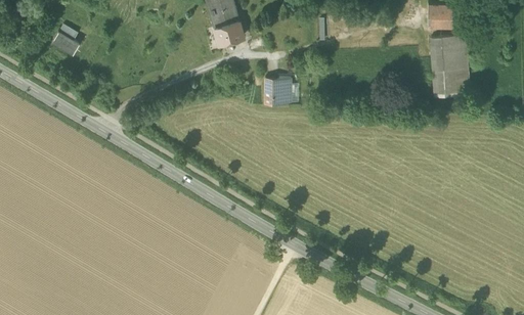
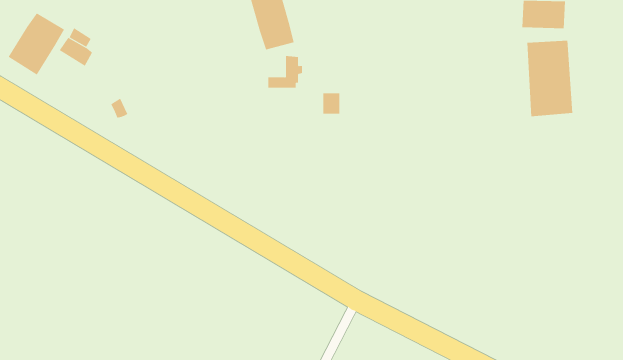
building: none -> [8,12,65,75]
building: [265,79,294,105] -> [267,56,303,88]

